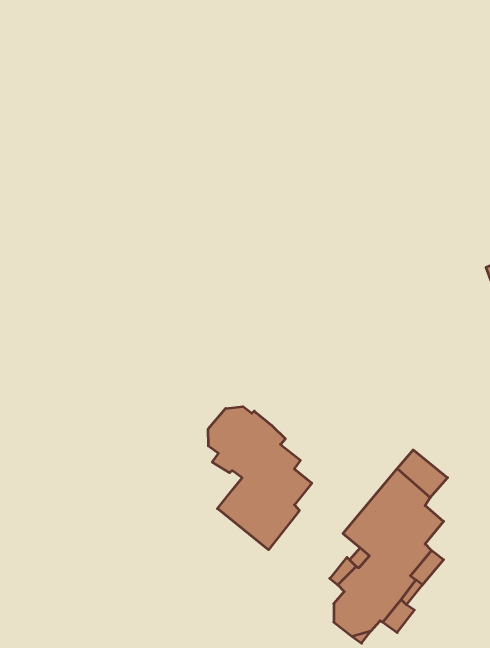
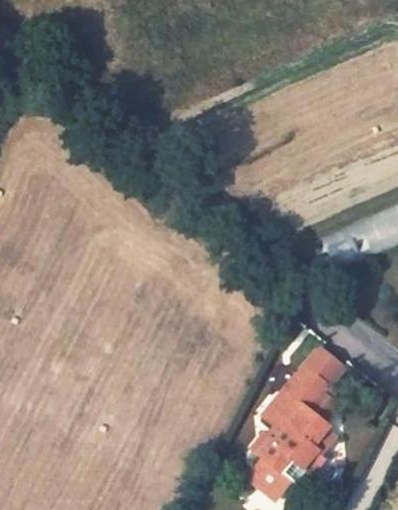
building: [208,407,312,550] -> none

